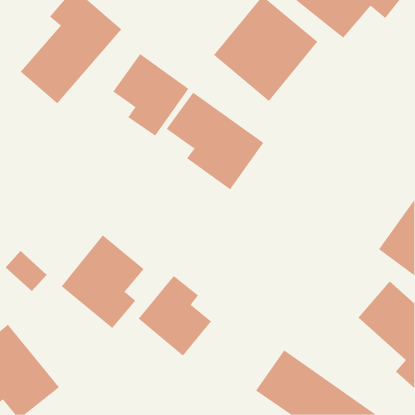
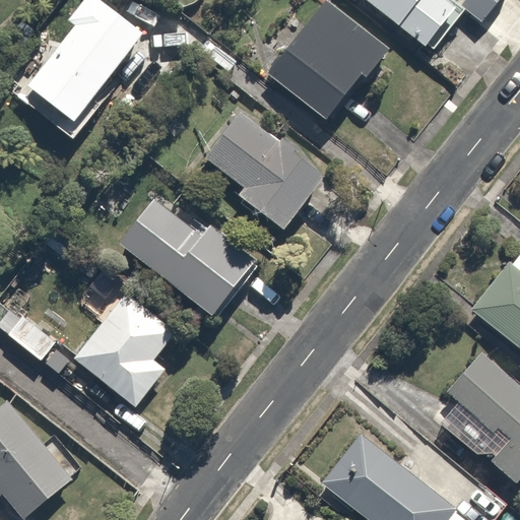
building: [113,53,189,137] -> none
building: none -> [118,190,257,320]
building: [138,275,212,356] -> none

